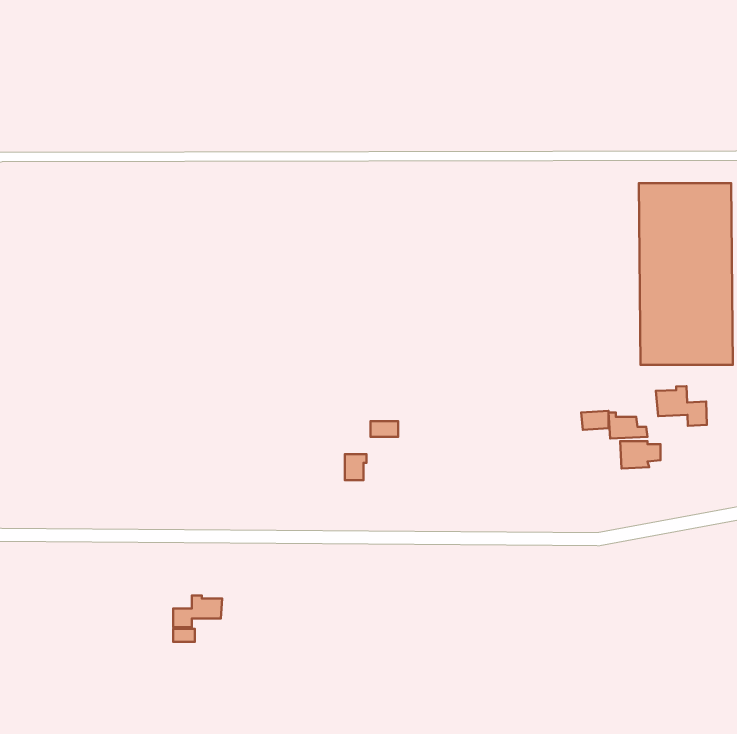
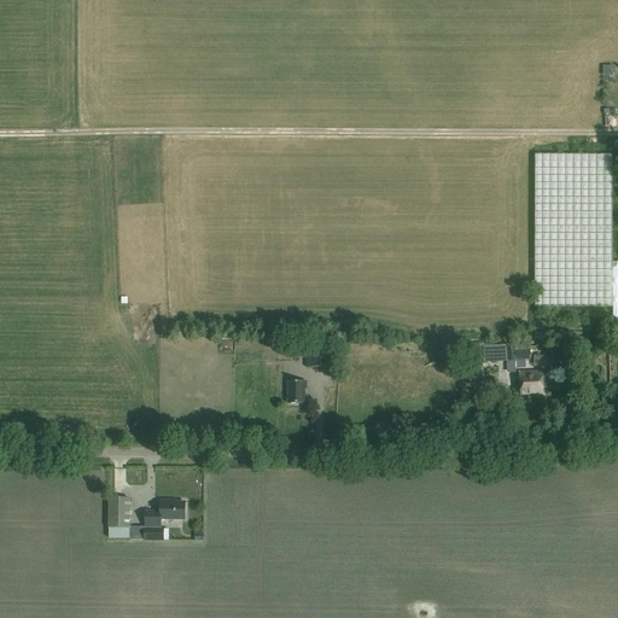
building: [656,386,707,426] -> none
building: none -> [109,496,129,526]

